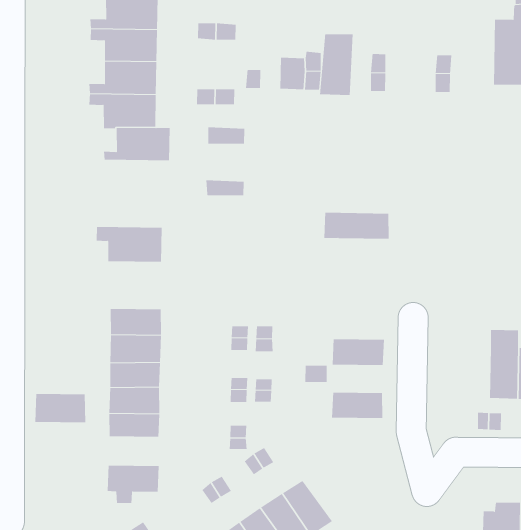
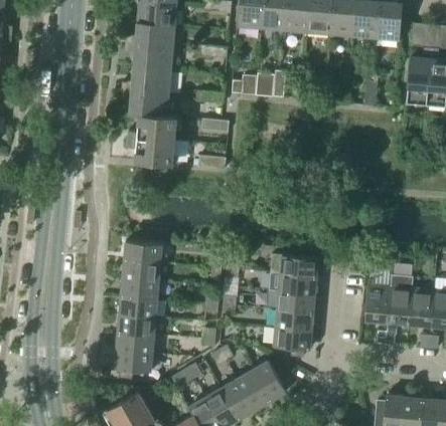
building: [320,34,353,96] -> none
building: [323,212,390,239] -> [270,255,317,277]
building: [96,226,162,262] -> [127,138,174,166]
building: none -> [364,286,390,324]
building: none -> [277,292,314,314]
building: [35,393,86,423] -> [116,332,153,355]
building: none -> [274,330,311,359]
building: none -> [252,362,290,402]

